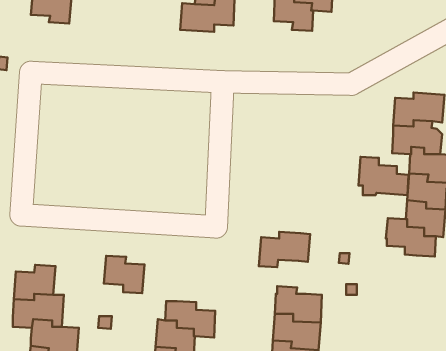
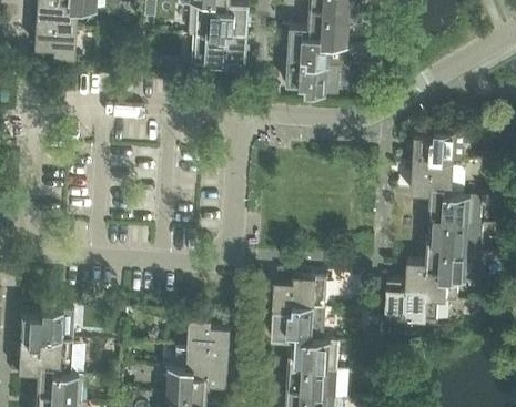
building: none -> [285,59,337,98]
building: [358,157,409,195] -> [384,284,436,324]
building: [104,256,144,293] -> [186,322,229,360]
building: none -> [270,307,323,343]

